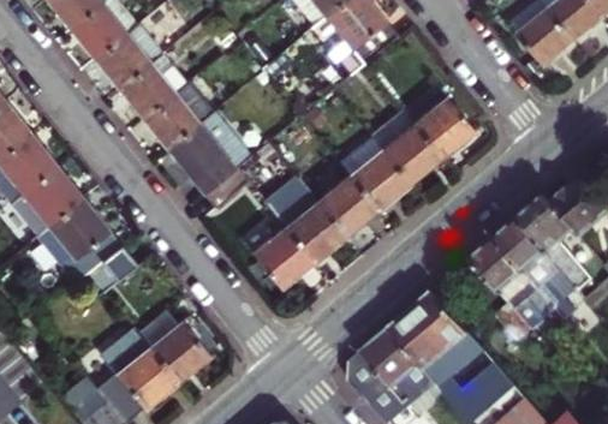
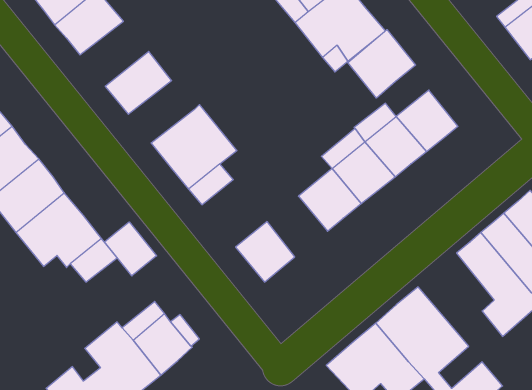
building: [96,28,165,92] -> none
building: none -> [348,30,416,98]
building: [144,86,210,149] -> none
building: [263,178,342,262] -> none
building: none -> [104,222,157,276]

